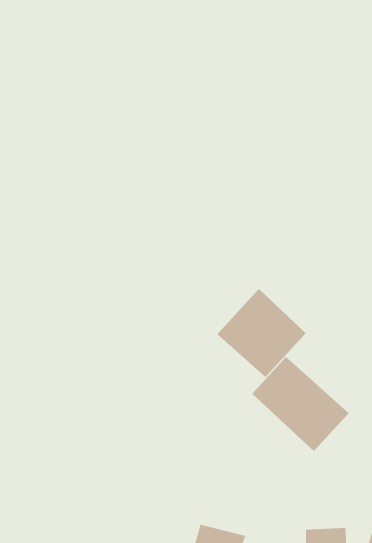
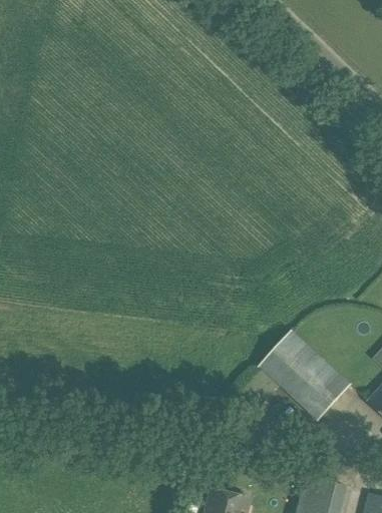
building: [217,288,306,378] -> none

